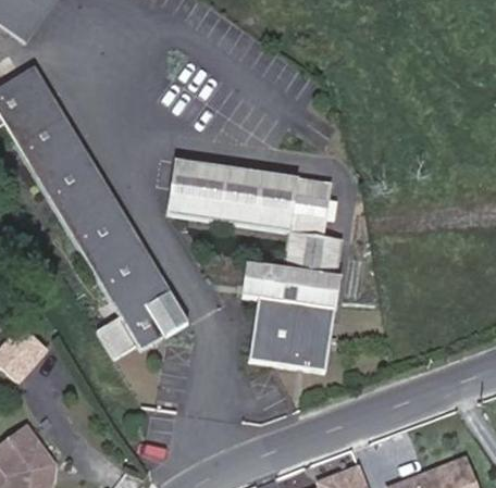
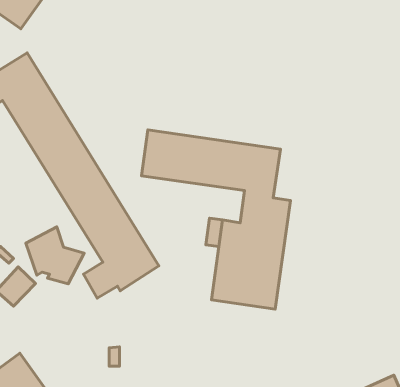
building: none -> [26,227,84,284]

